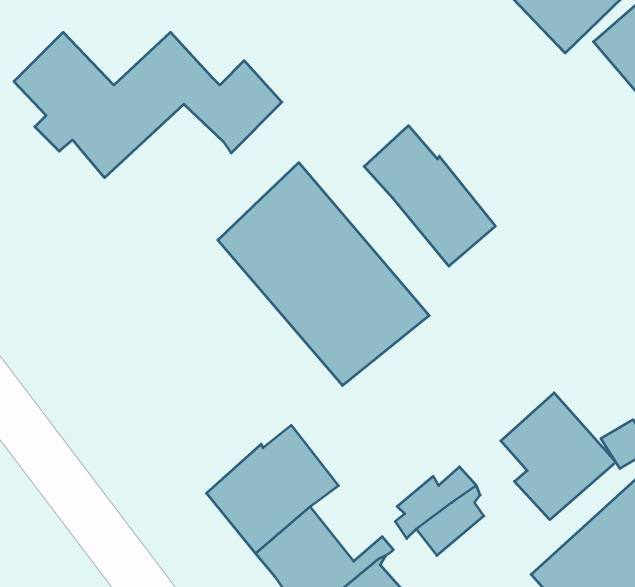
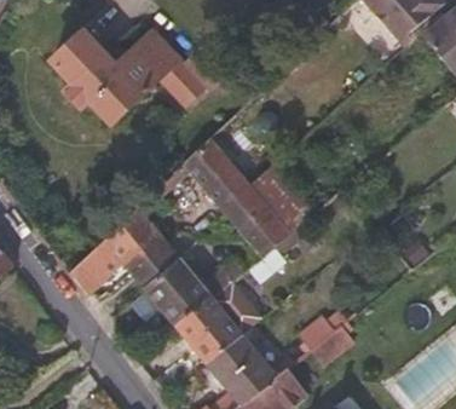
building: [364,126,495,266] -> none
building: none -> [69,209,244,327]
building: [501,393,616,520] -> none

